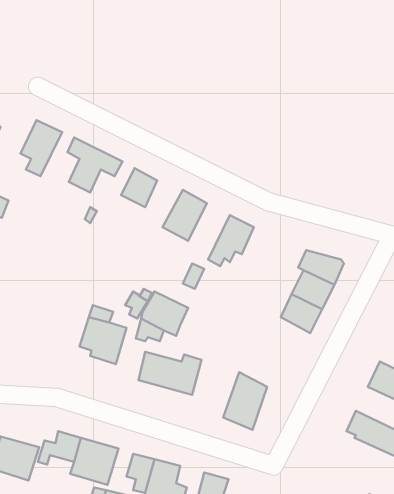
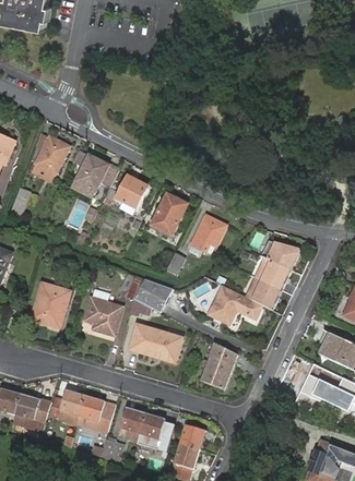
building: none -> [31,282,69,327]
building: none -> [206,284,261,323]

